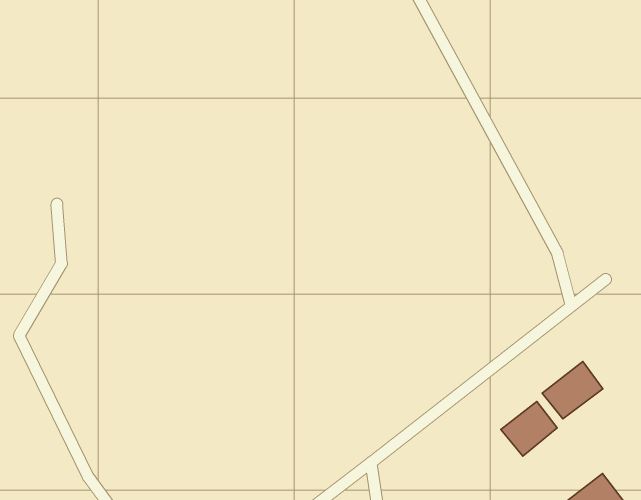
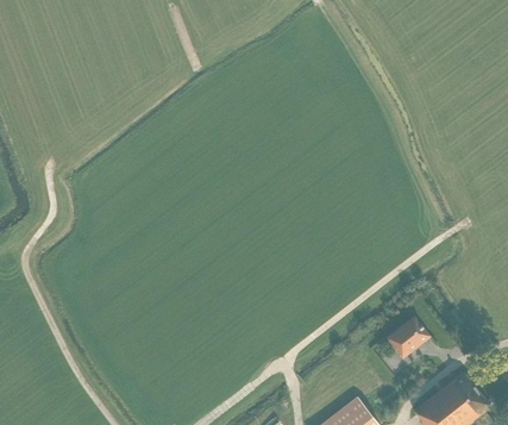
building: [542,361,603,419] -> none

